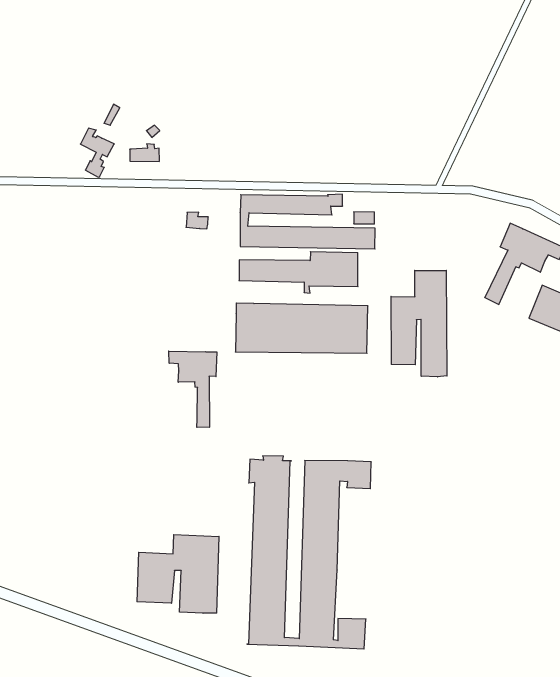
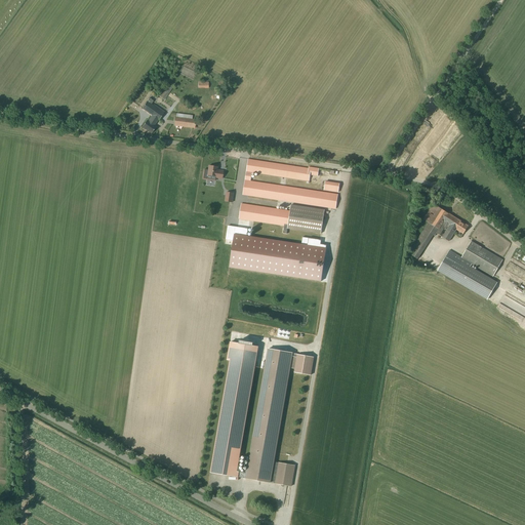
building: [391,270,447,377] -> none
building: [169,351,217,427] -> none
building: [137,535,219,613] -> none

